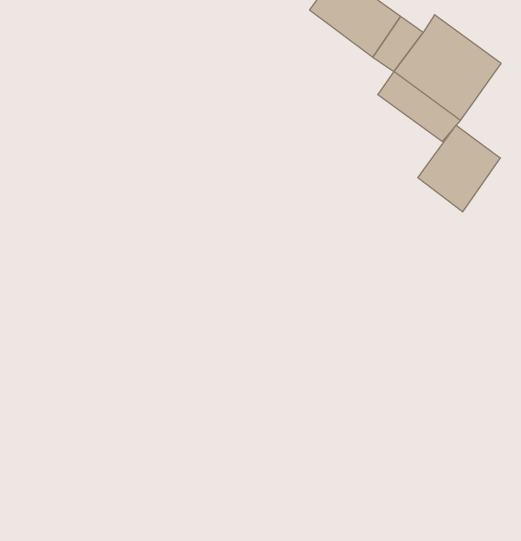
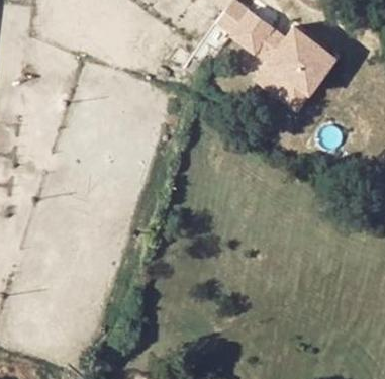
building: [418,125,500,212] -> none

